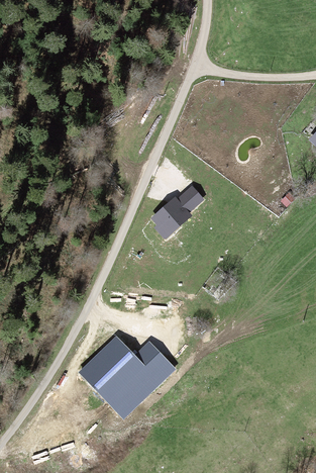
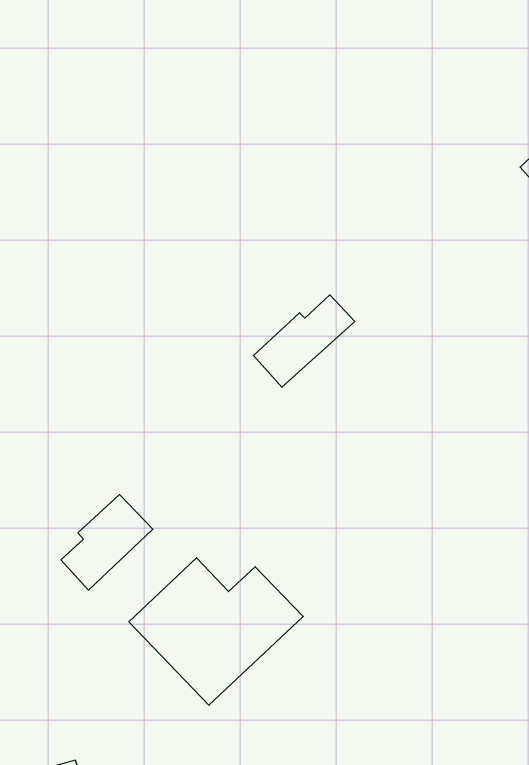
building: none -> [61,495,153,590]

